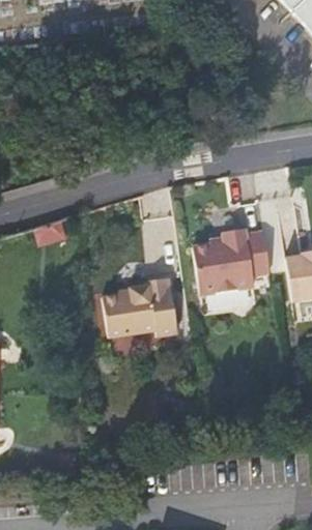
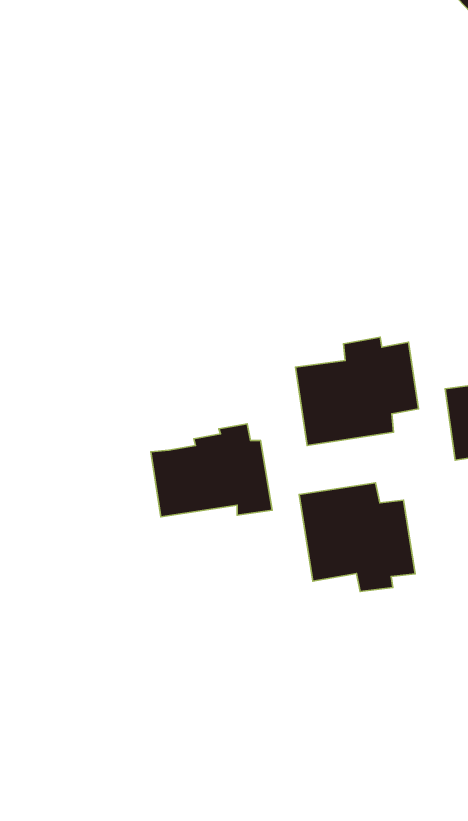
building: none -> [299,483,415,592]

